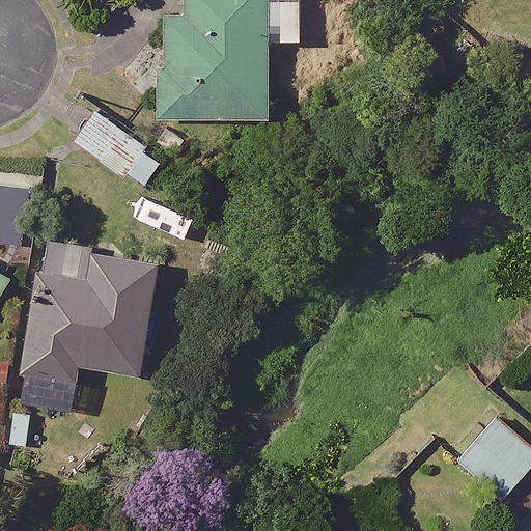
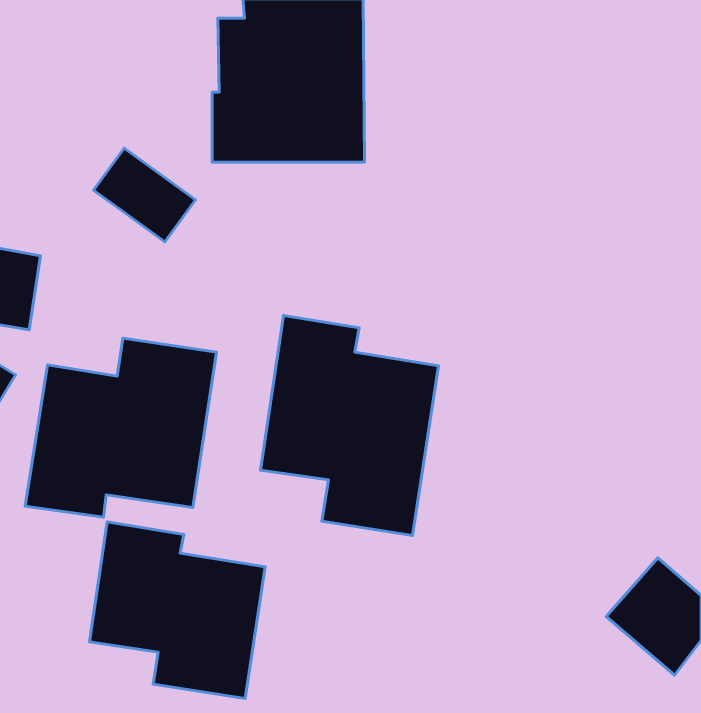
building: none -> [260,315,439,536]
building: none -> [90,522,265,698]

